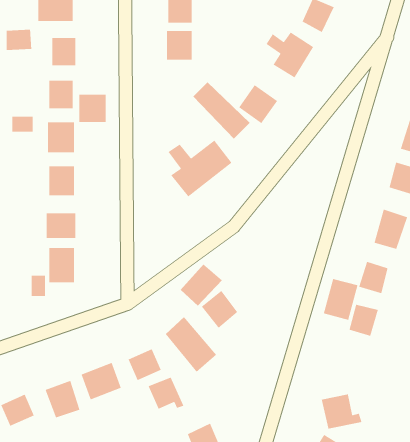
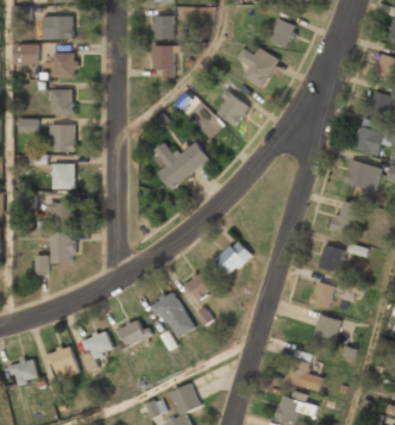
building: [79,94,106,123] -> none
building: [180,264,223,306] -> [214,240,251,277]
building: [323,278,359,321] -> [311,314,341,351]
building: [148,376,184,410] -> none

